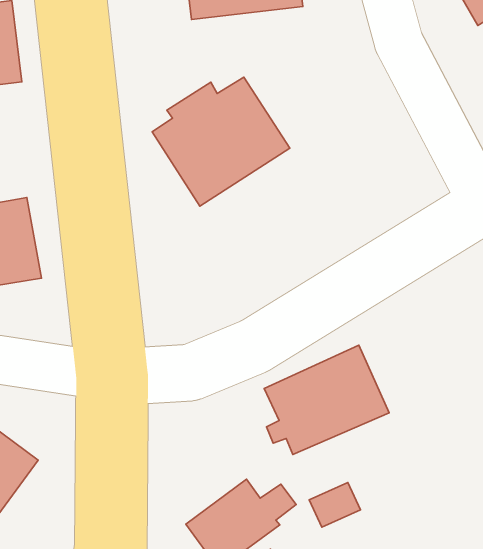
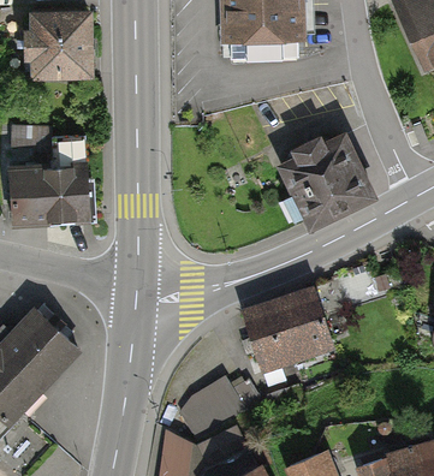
building: [152,77,290,206] -> [278,135,375,224]

